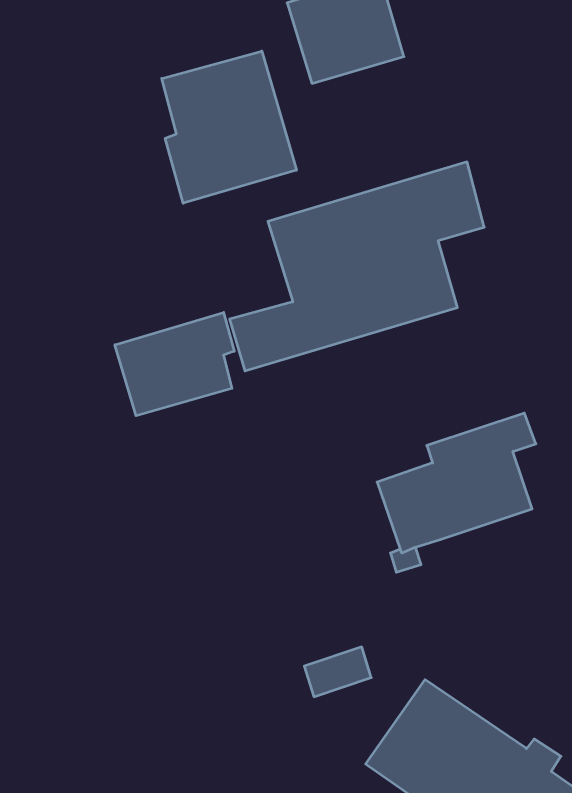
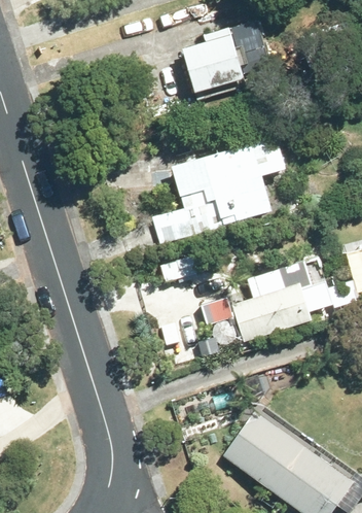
building: [162,51,296,203] -> none
building: [115,312,234,416] -> none

